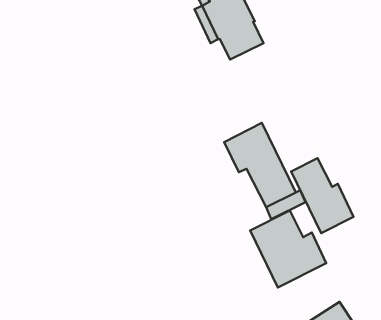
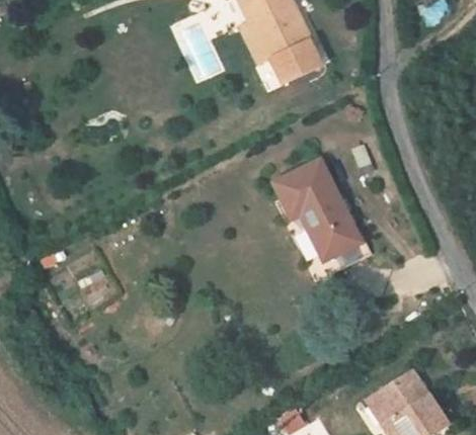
building: [291,158,354,233] -> none
building: [250,211,326,288] -> none

